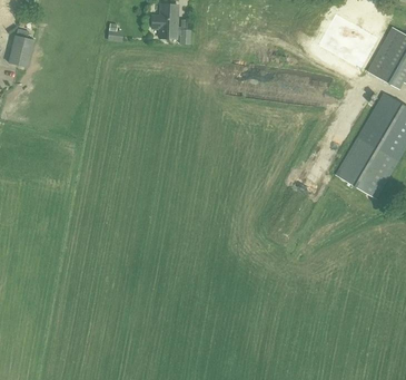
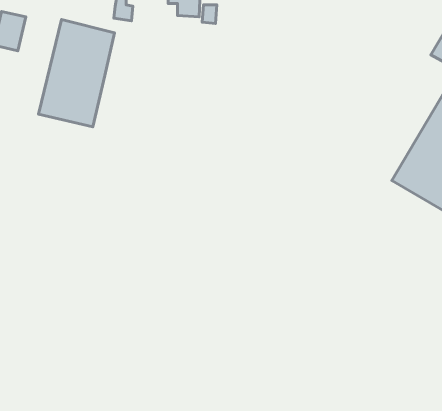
building: none -> [39,20,115,127]

